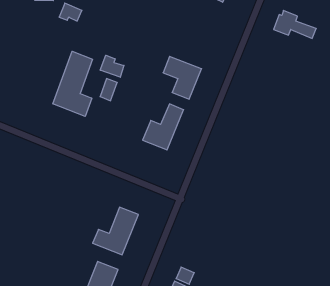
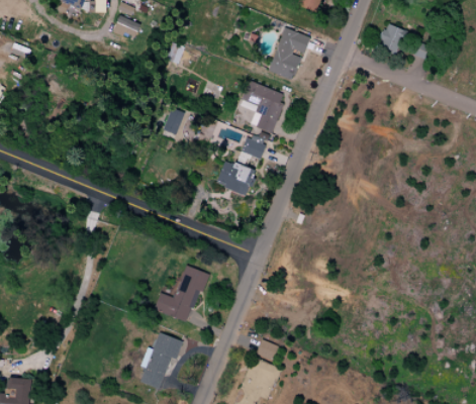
building: none -> [266,27,310,81]
building: [53,51,93,116] -> none
building: [100,55,124,77] -> none

